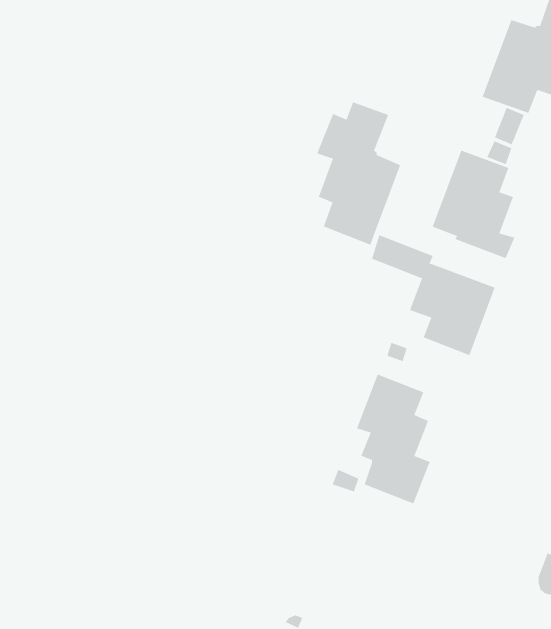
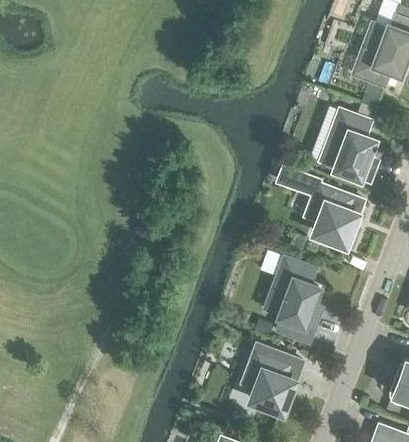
building: [317,102,401,246] -> none
building: none -> [242,345,294,413]

